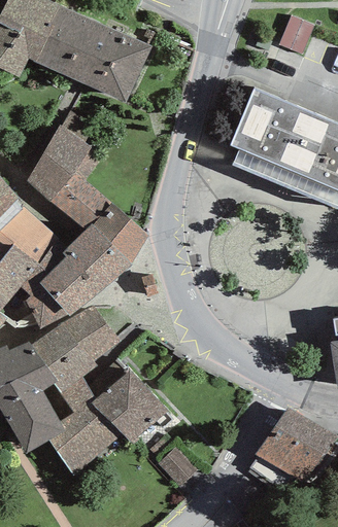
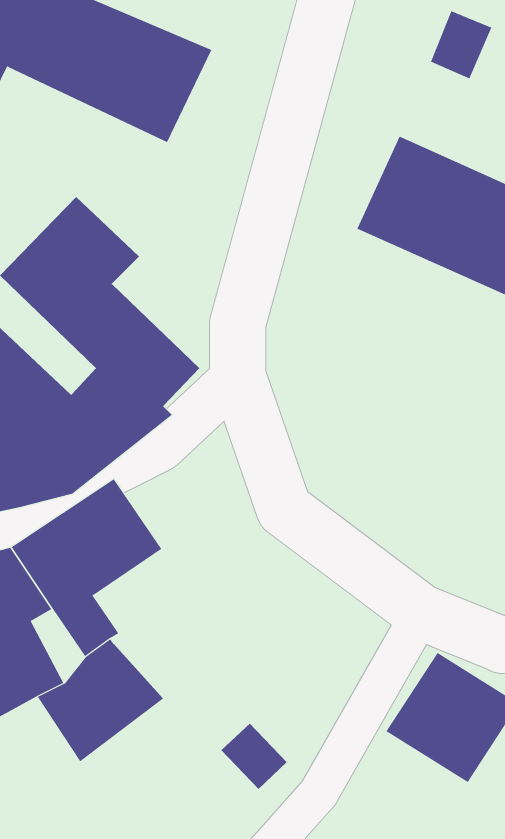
building: [92,368,167,444] -> none

